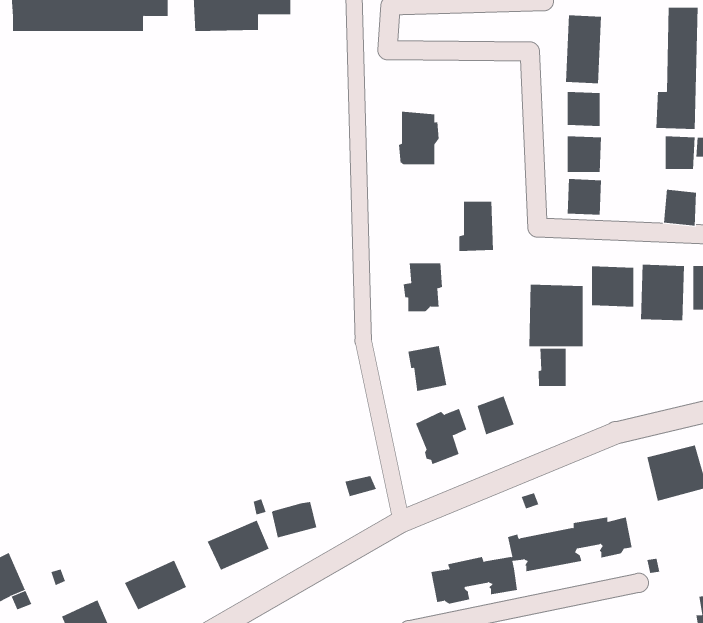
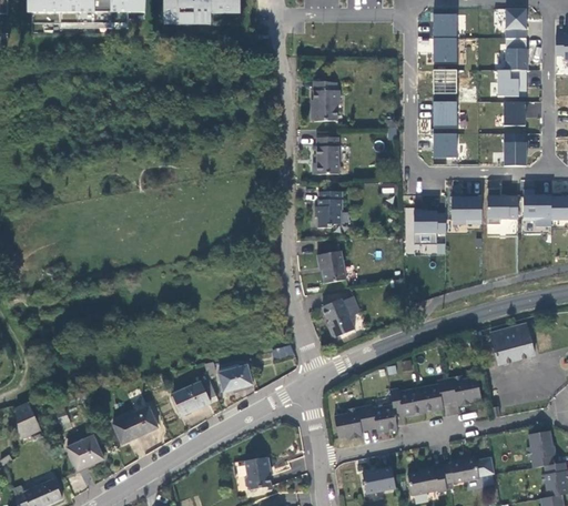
building: [459,201,494,252] -> [314,139,339,175]
building: [538,348,566,387] -> none
building: [477,396,514,435] -> none

